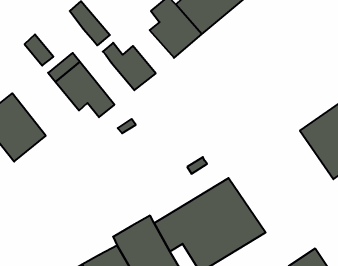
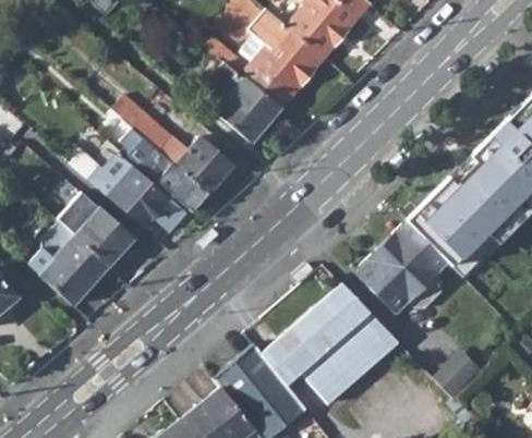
building: none -> [121,127,208,210]
building: none -> [55,192,133,267]
building: none -> [352,223,448,317]

